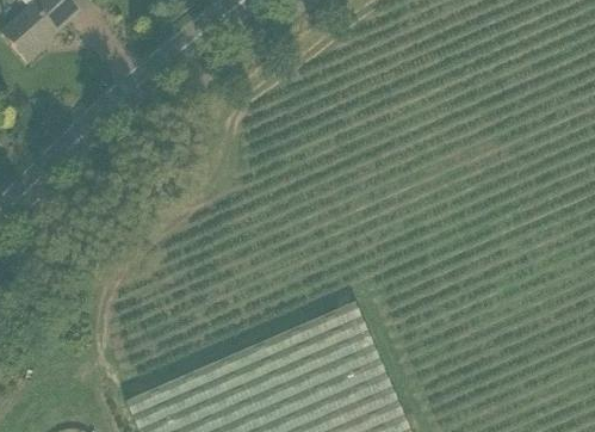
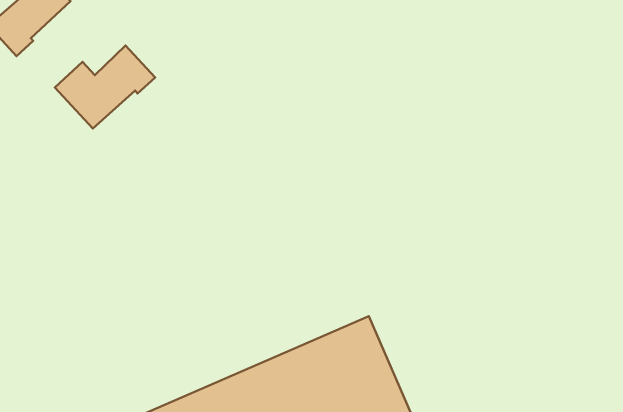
building: none -> [55,45,155,129]

